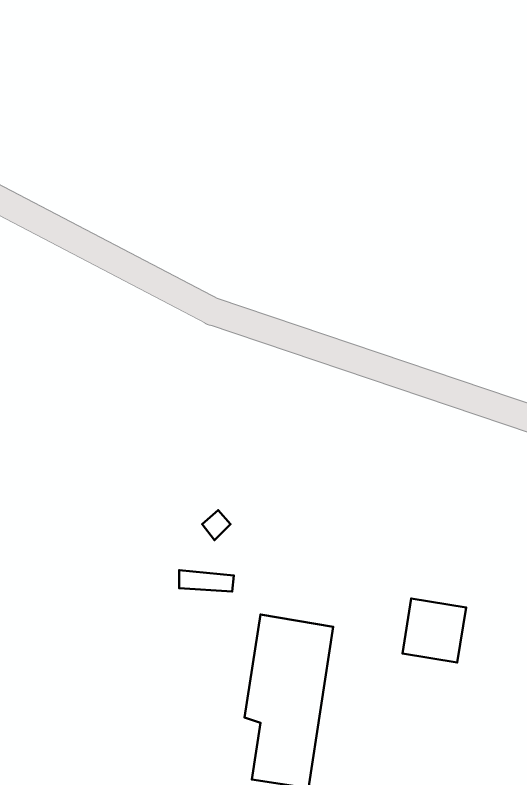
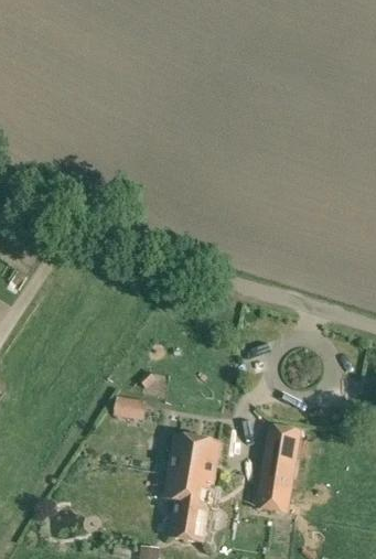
building: none -> [255,458,297,513]

